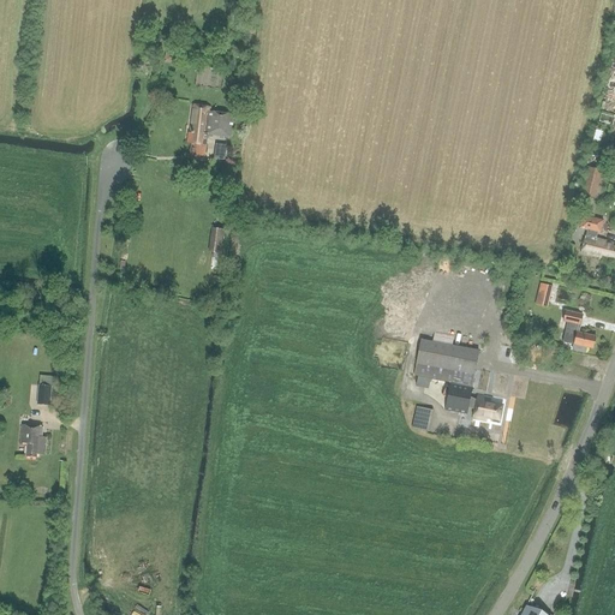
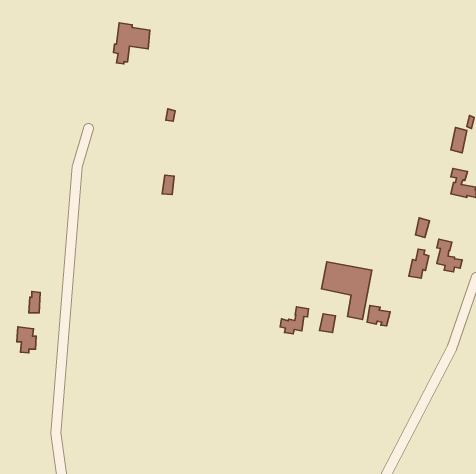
building: [187,103,234,156] -> [114,23,150,64]
building: none -> [409,249,429,278]
building: none -> [280,307,309,334]

